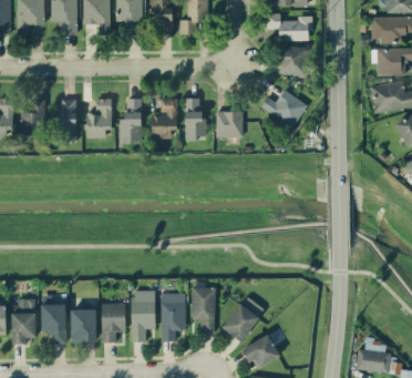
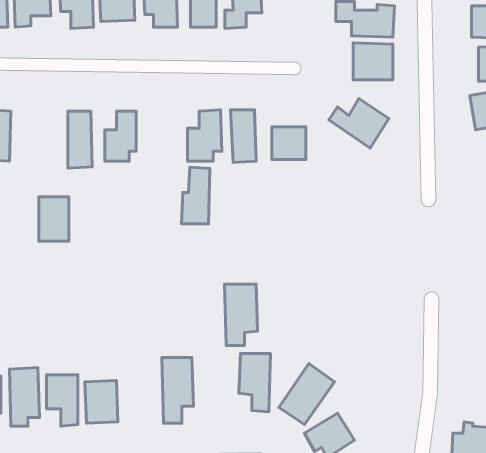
building: [120,98,142,142] -> [181,167,210,224]
building: [21,102,44,136] -> [39,197,69,241]
building: [161,293,186,340] -> [225,284,257,345]
building: [101,303,125,343] -> none

